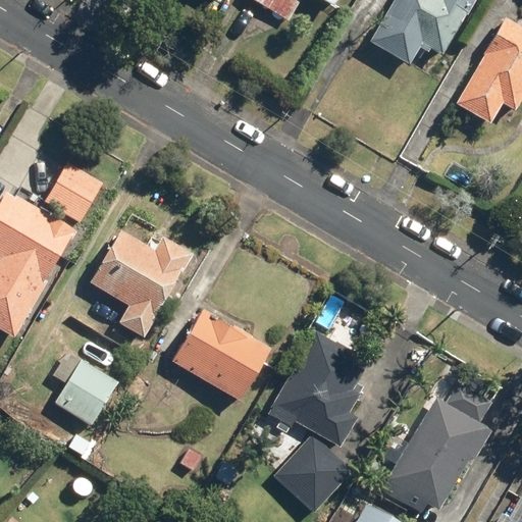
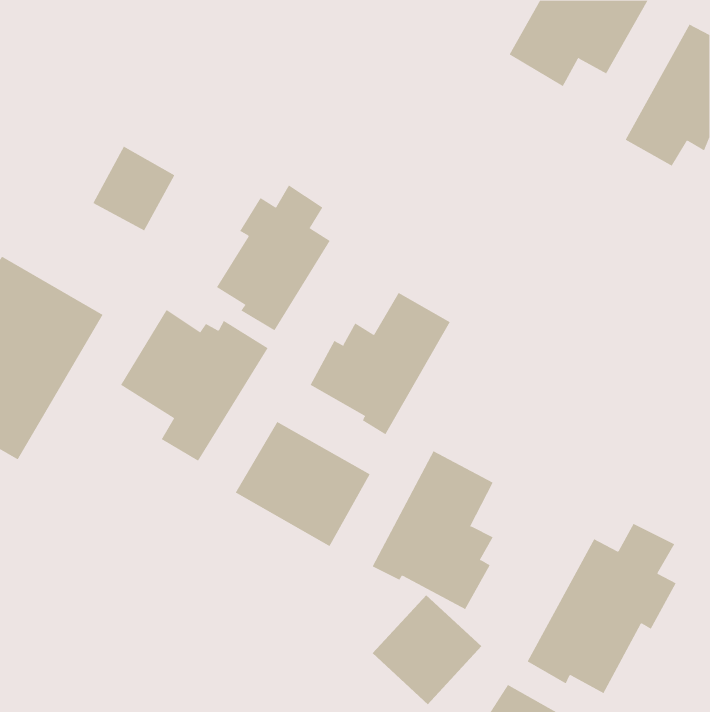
building: none -> [216,185,330,331]
building: [44,160,104,222] -> [93,146,175,231]
building: none -> [310,292,451,435]
building: [49,351,116,427] -> none

